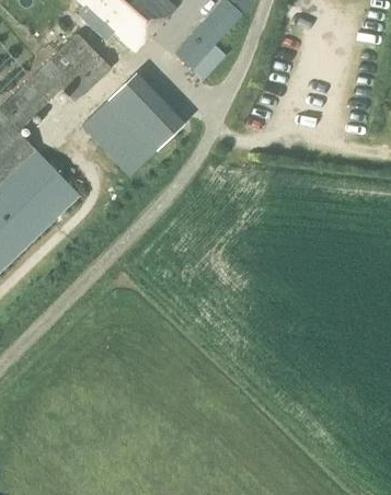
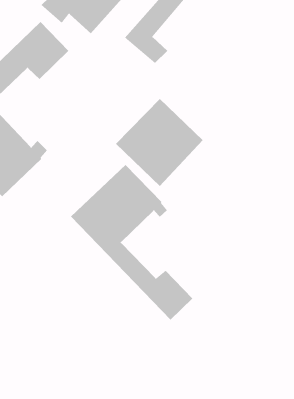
building: [69,79,173,183] -> [115,98,203,187]
building: none -> [70,164,193,320]

